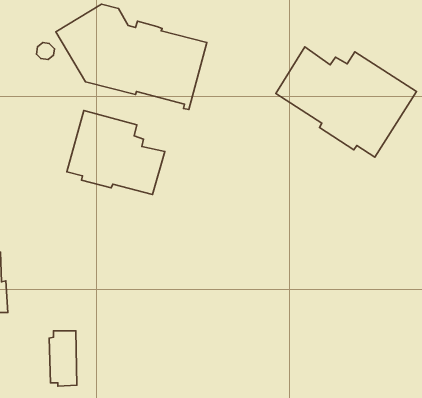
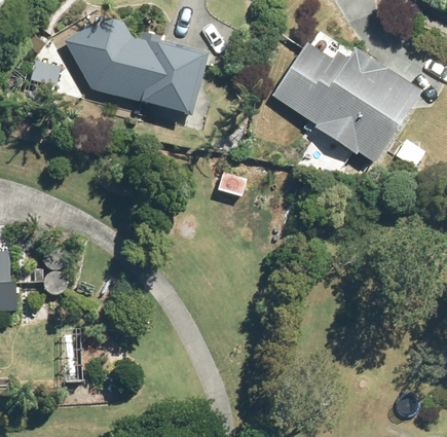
building: [67,110,165,195] -> none

